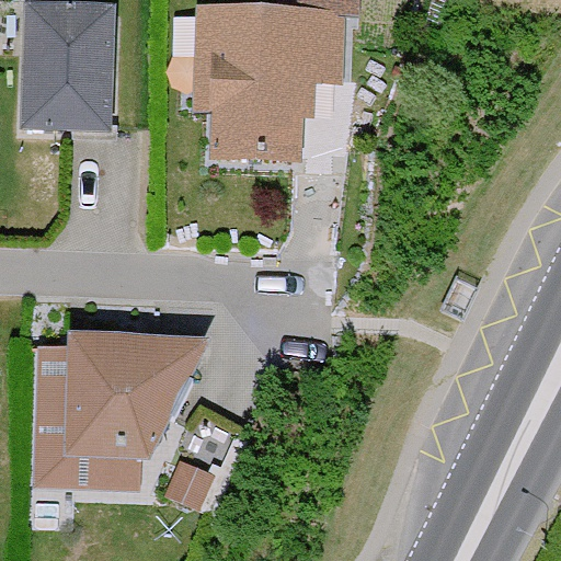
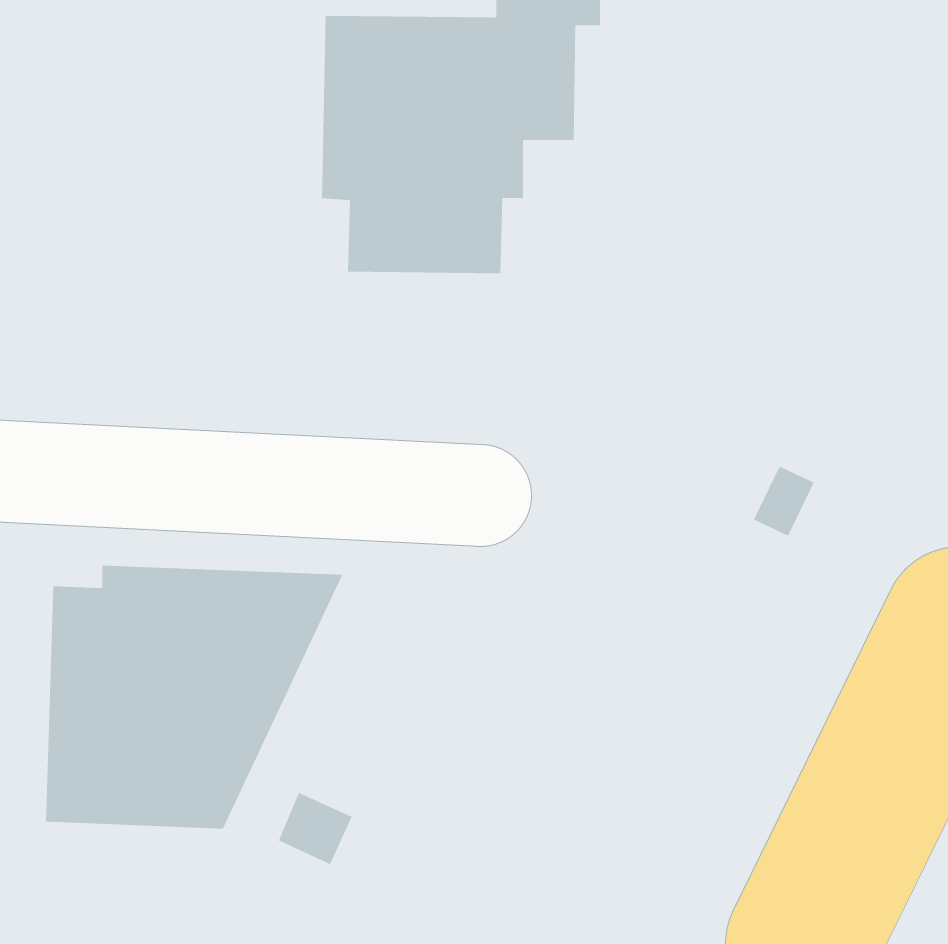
building: [22,4,113,128] -> none

